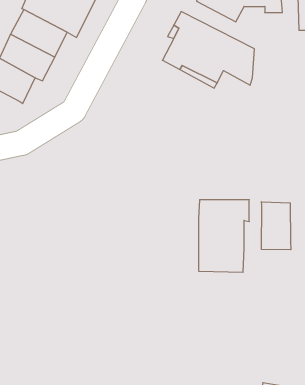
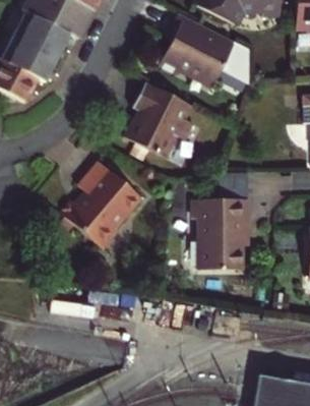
building: none -> [124,81,194,159]
building: none -> [61,159,141,246]
building: [261,202,291,250] -> none

